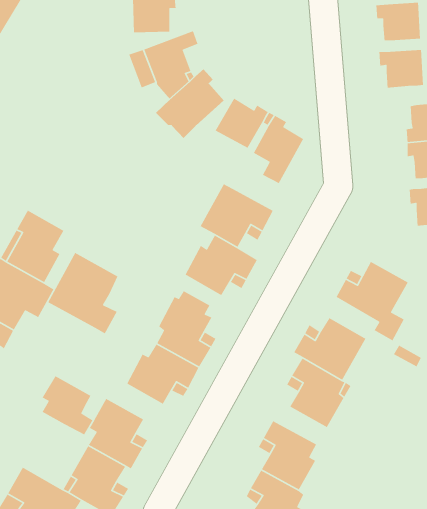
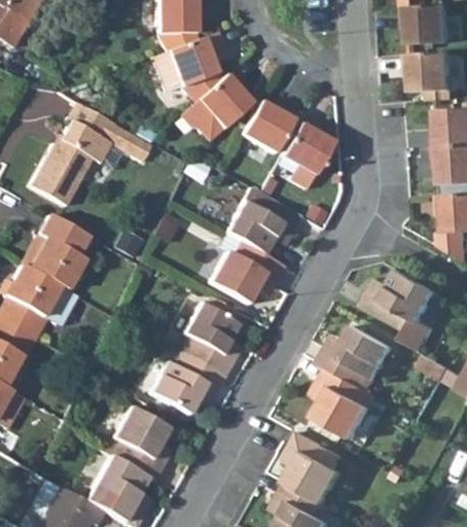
building: none -> [30,103,153,207]
building: [47,252,119,334] -> none
building: [41,375,93,436] -> none

